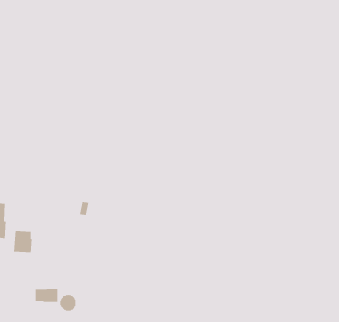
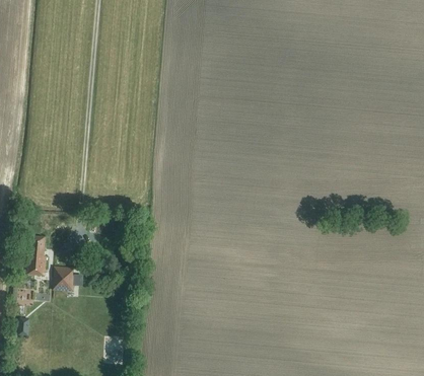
building: [35,288,58,302] -> none

